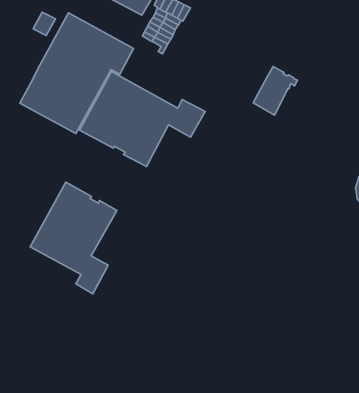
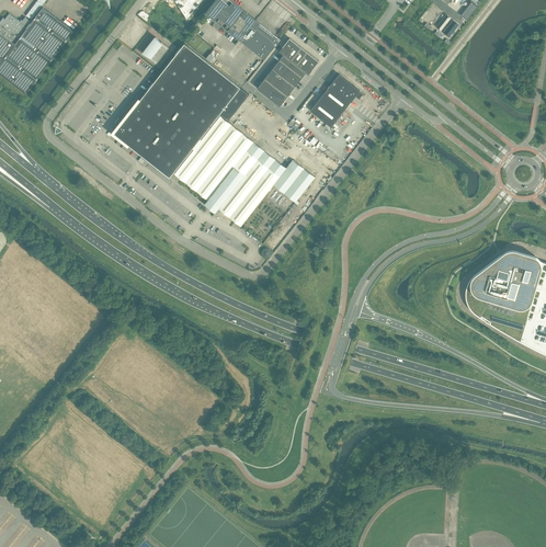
building: [253,66,297,115] -> [309,75,362,128]
building: [30,182,117,294] -> none

